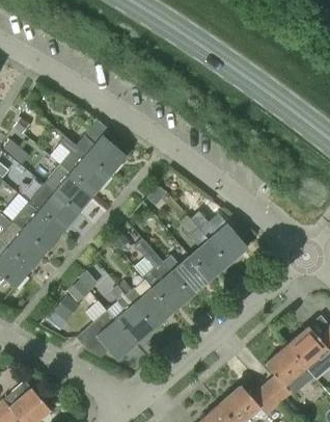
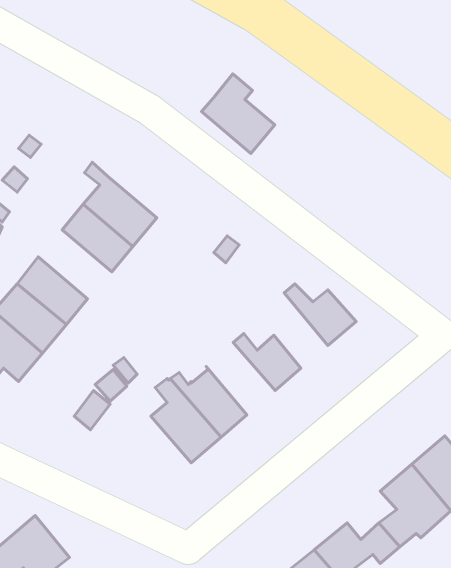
building: [76,120,127,175] -> [201,74,275,154]
building: [28,183,79,231] -> none
building: [189,227,228,279] -> none
building: [134,238,192,311] -> none
building: [76,312,134,360] -> none

